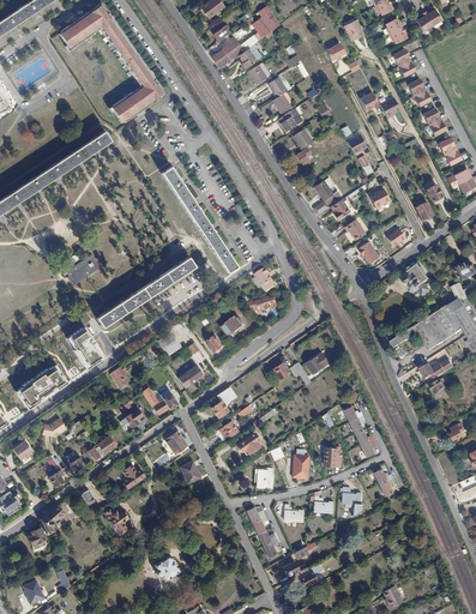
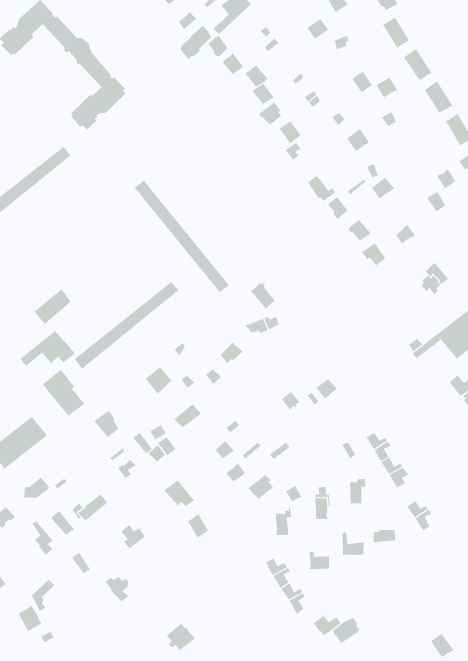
building: none -> [20,330,76,367]

